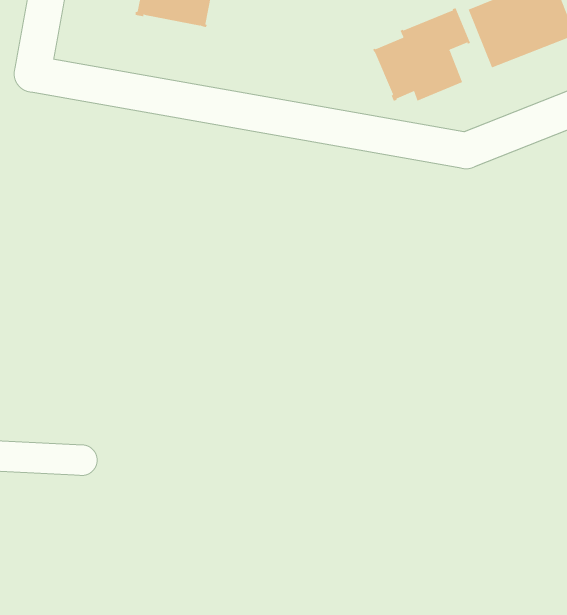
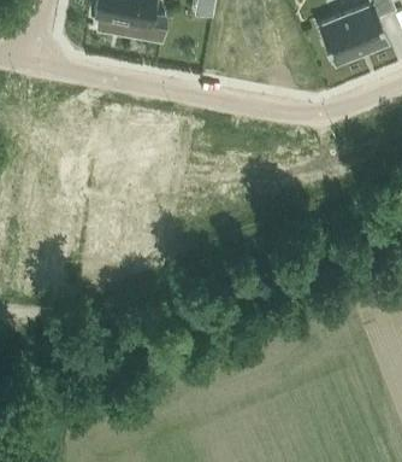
building: [372,8,471,101] -> none

